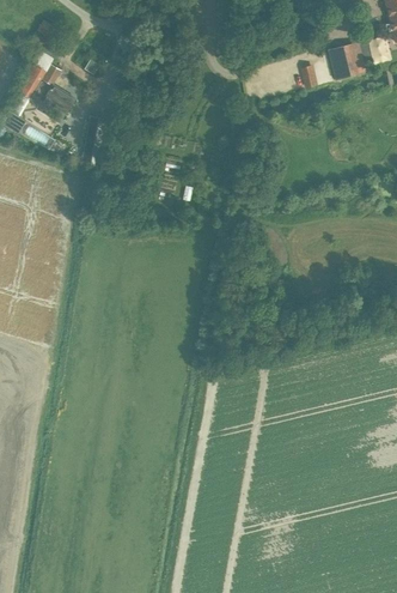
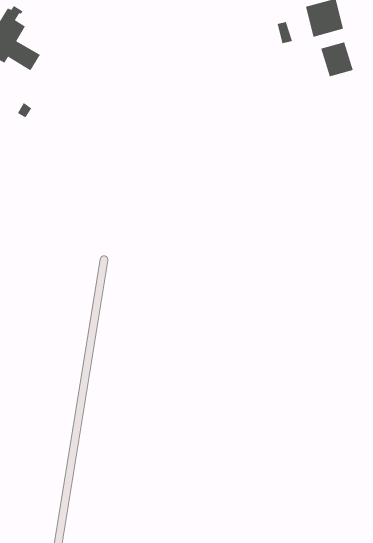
building: none -> [320,42,354,77]

